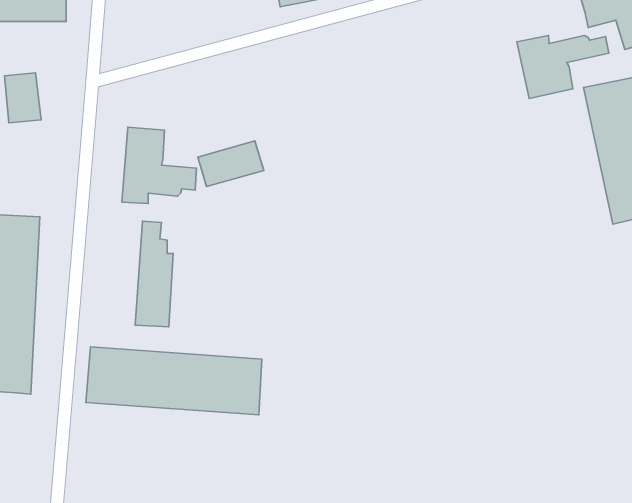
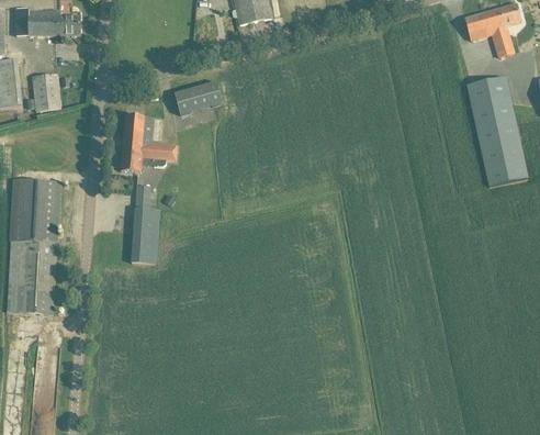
building: [517,36,609,98] -> none
building: [198,141,264,186] -> [173,80,223,114]
building: [86,347,262,415] -> none

